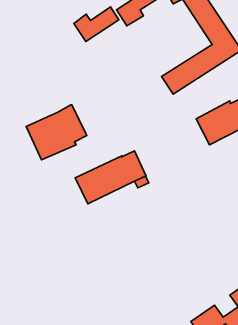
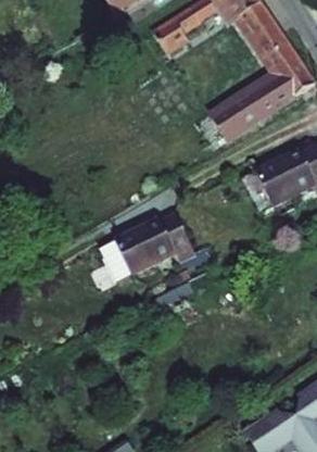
building: [74,7,119,41] -> none
building: [26,105,87,160] -> none

